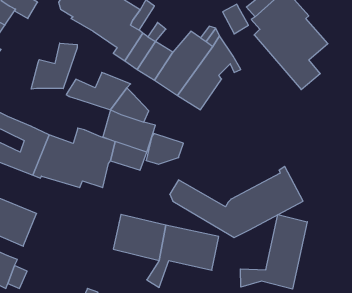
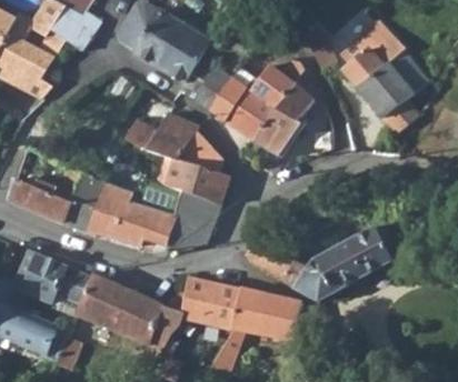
building: [31,43,77,89] -> none
building: [146,134,183,164] -> [168,215,211,251]
building: none -> [76,273,187,350]
building: [240,215,307,289] -> none

